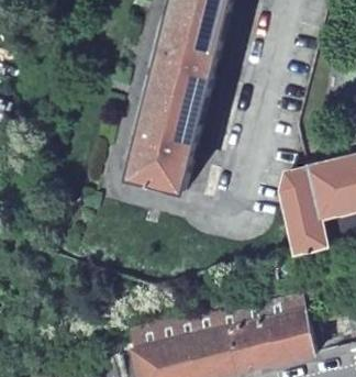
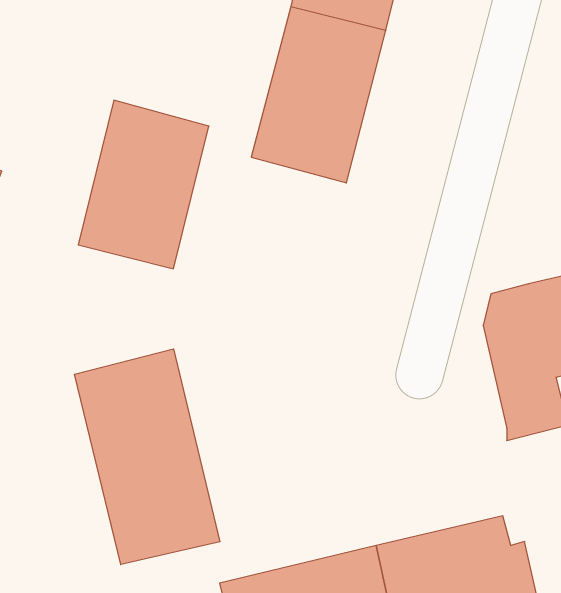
building: [129,98,201,191] -> [78,100,209,269]
building: none -> [74,349,220,565]

